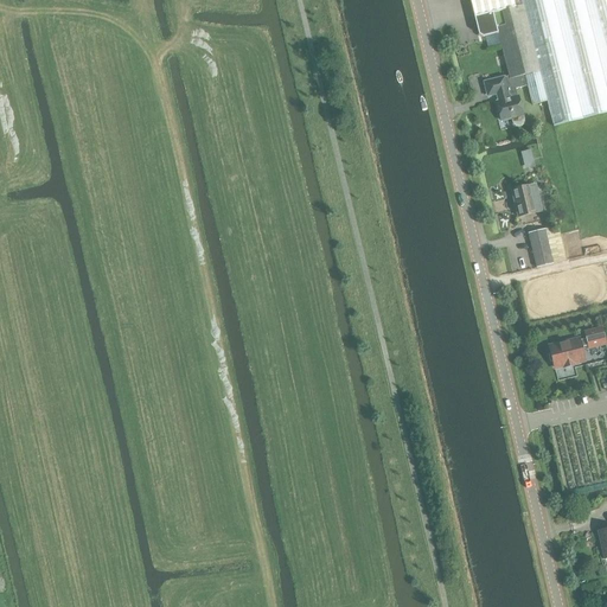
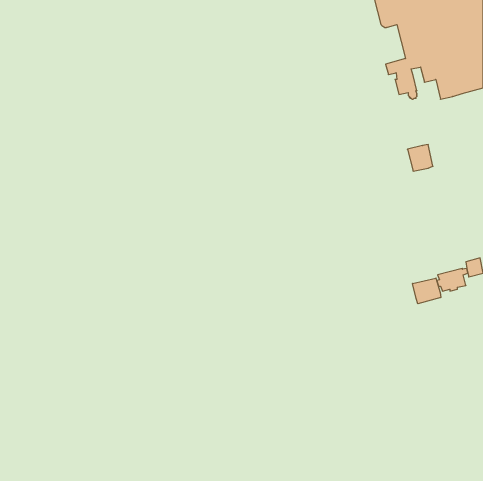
building: [529,228,554,266] -> none
building: none -> [413,278,441,304]

